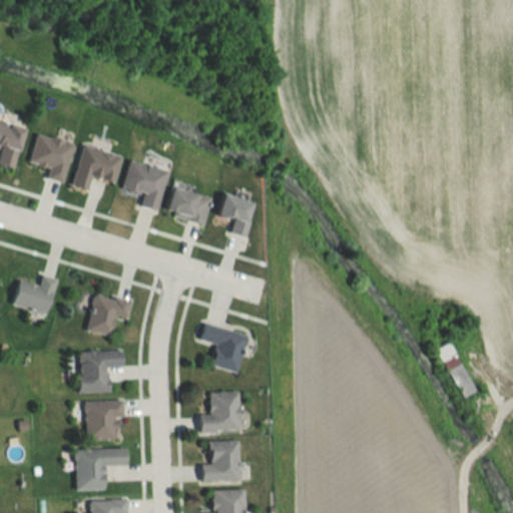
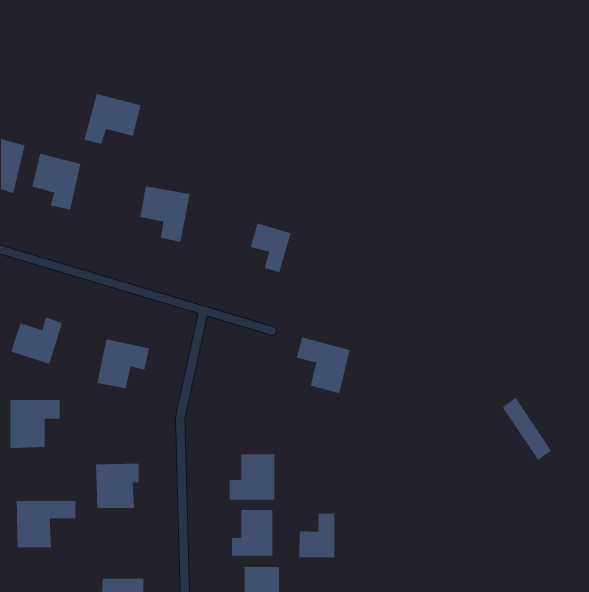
building: [73,145,123,189] -> [83,94,141,145]
building: [166,187,211,224] -> none
building: [200,324,247,373] -> [296,337,350,394]
building: [80,351,124,393] -> [10,400,61,448]
building: none -> [299,513,335,558]
building: [76,449,128,490] -> [16,500,76,548]

